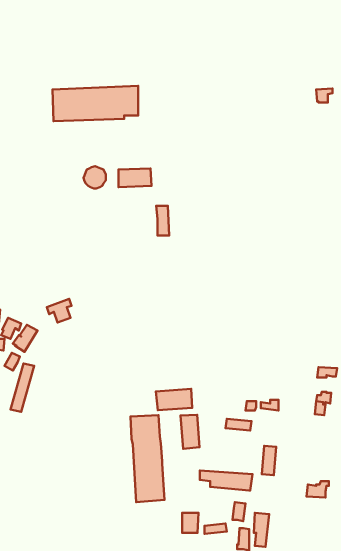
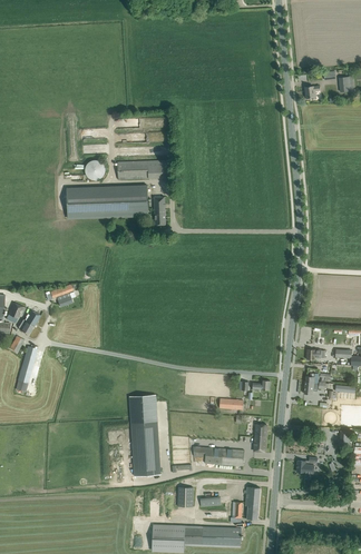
building: [52,86,138,121] -> [67,185,148,218]
building: [156,389,192,410] -> none
building: [181,415,200,449] -> none

